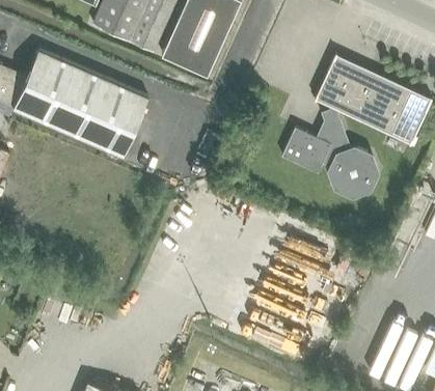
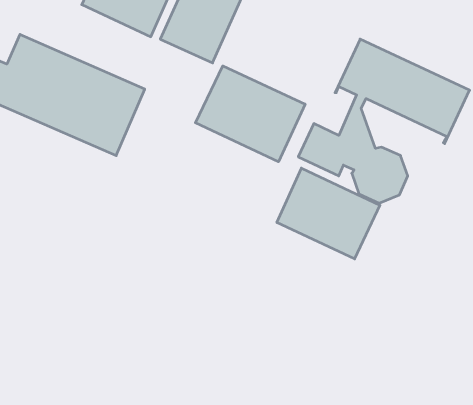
building: none -> [195,66,305,162]
building: none -> [277,168,380,259]

